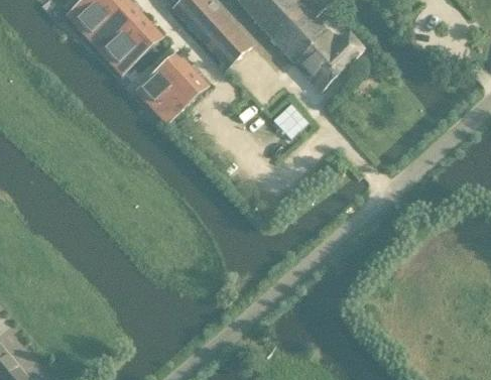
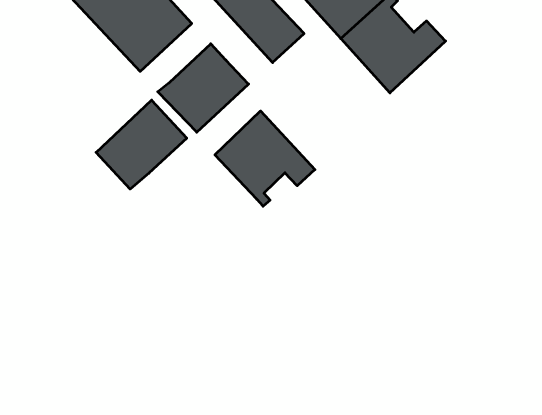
building: none -> [96,100,187,189]
building: none -> [215,111,315,206]

